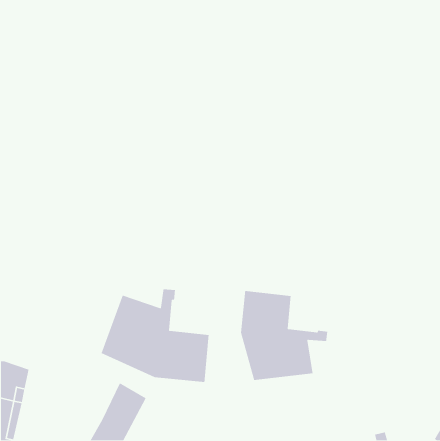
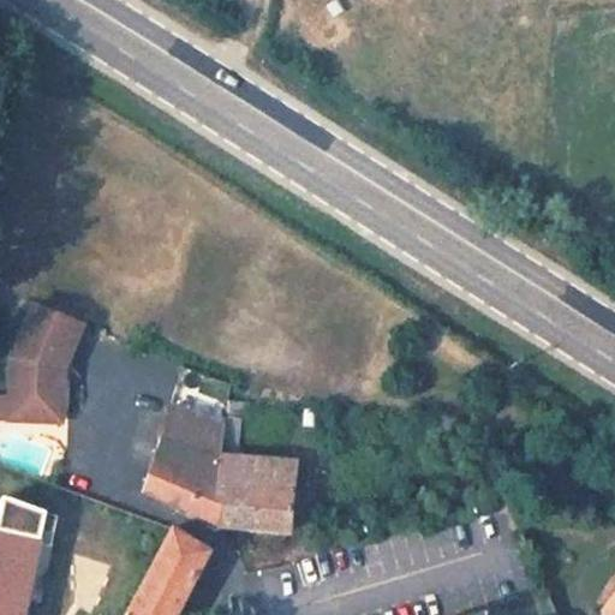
building: none -> [8,308,83,424]
building: [240,290,328,381] -> none

